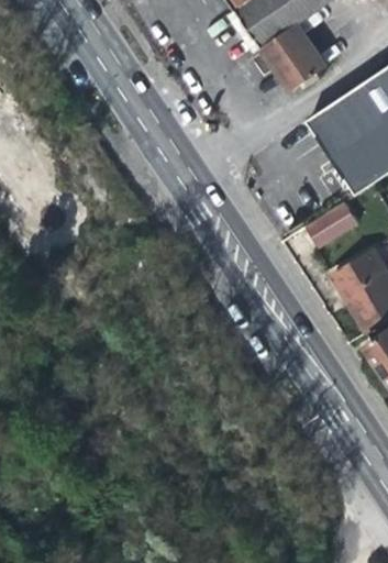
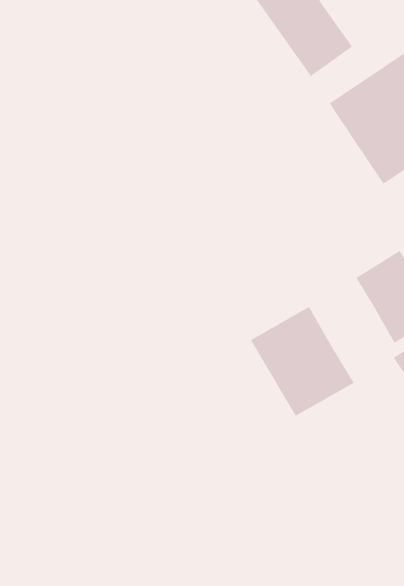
building: [302,203,358,252] -> none
building: none -> [250,306,355,416]

